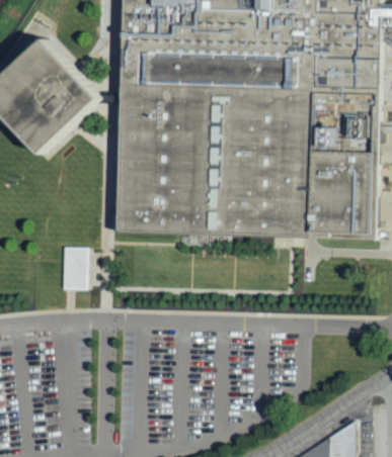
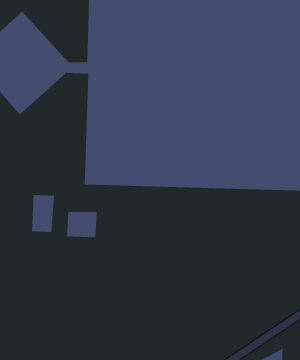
building: none -> [66,211,97,238]

